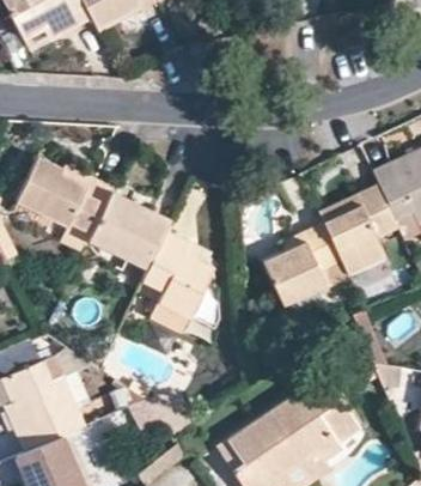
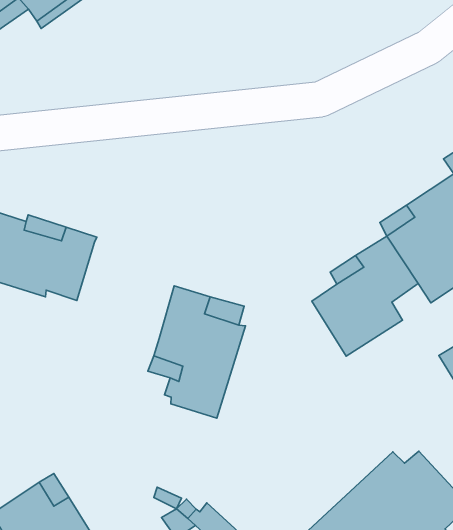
building: [90,195,172,273] -> none

